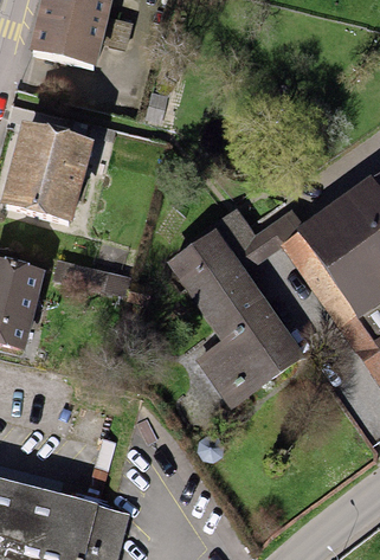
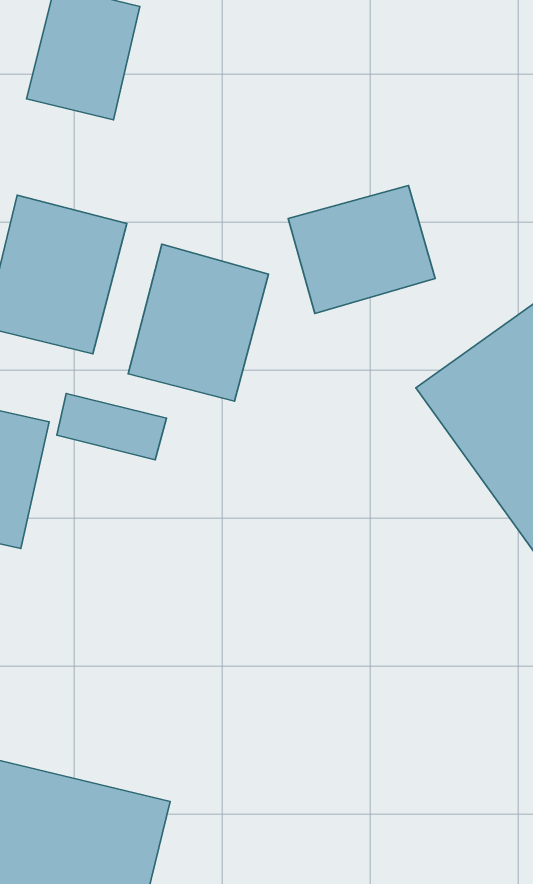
building: none -> [288,186,435,313]
building: none -> [128,244,269,401]
building: [170,212,302,410] -> none

